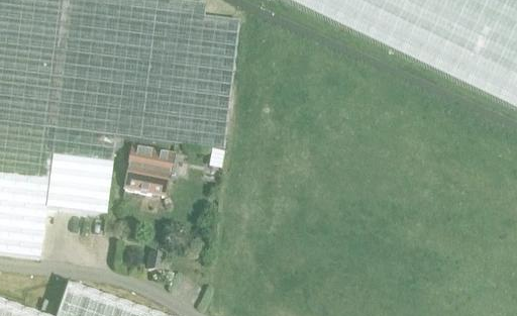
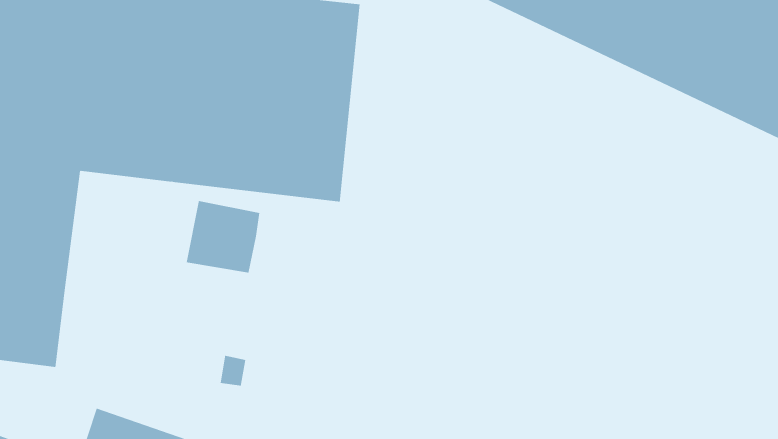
building: [45,128,115,214] -> none

